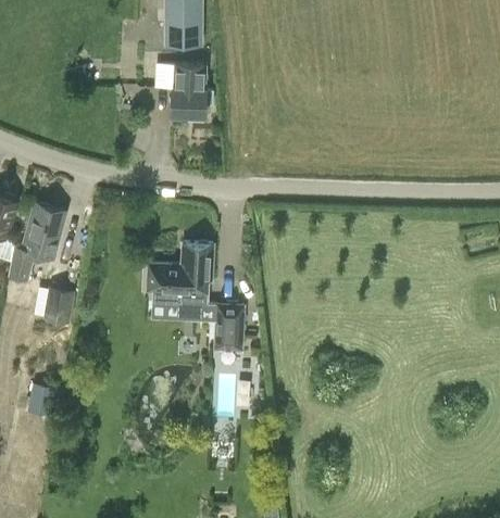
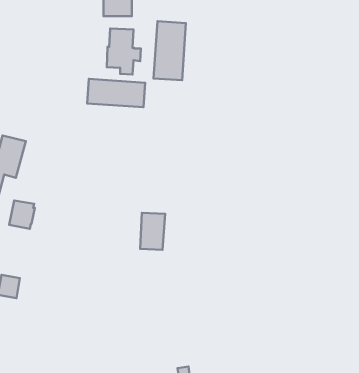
building: none -> [154,21,186,80]
building: none -> [87,79,145,107]
building: [145,242,213,308] -> none

